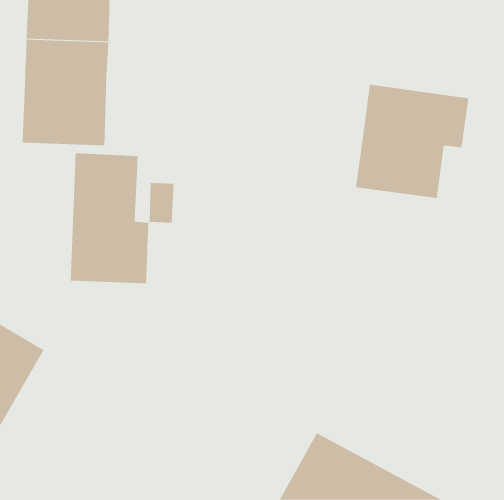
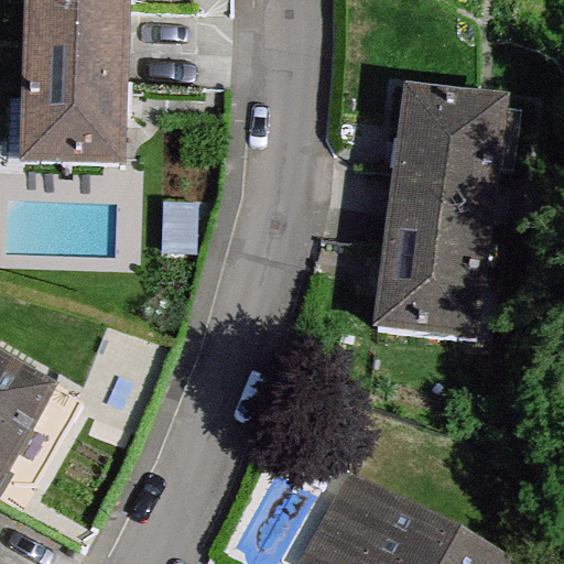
building: [70,153,149,284] -> none
building: none -> [380,208,498,338]

